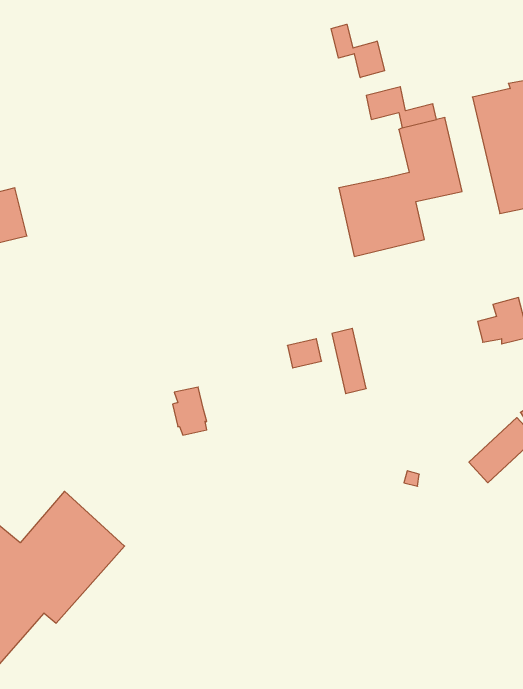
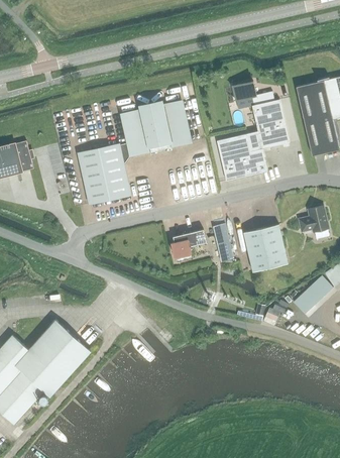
building: [331,24,385,78] -> none
building: none -> [79,101,191,203]
building: none -> [243,224,288,271]
building: [173,387,207,435] -> [172,233,192,261]

